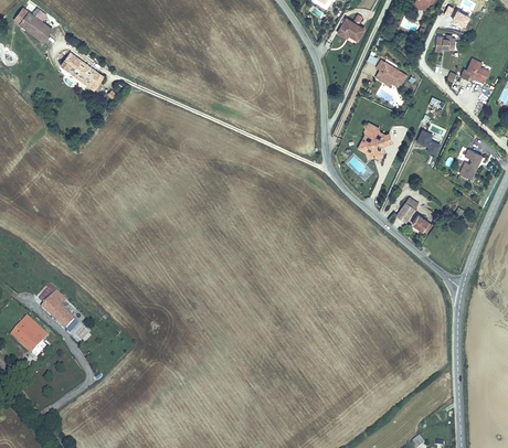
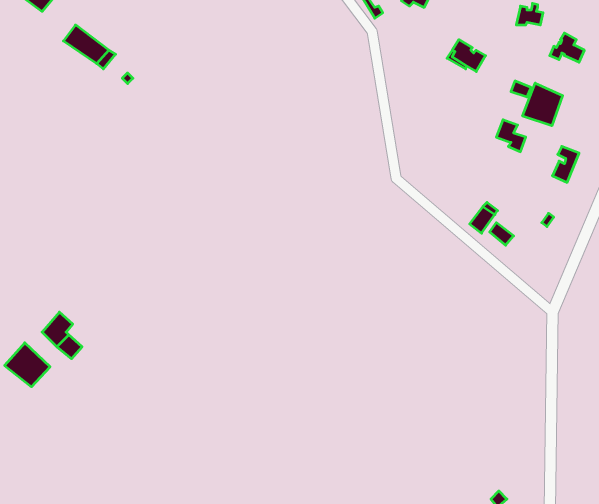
building: none -> [523,83,563,126]
building: [356,125,391,159] -> none

